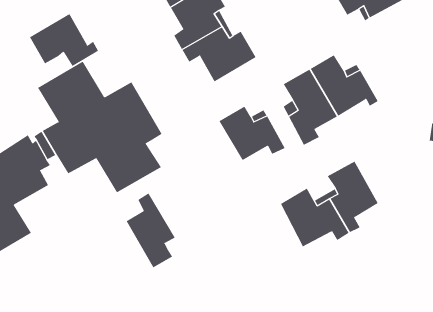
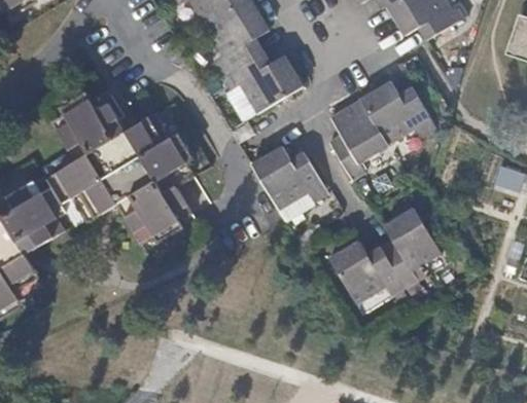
building: [29,13,99,67] -> none
building: [126,193,176,268] -> none

